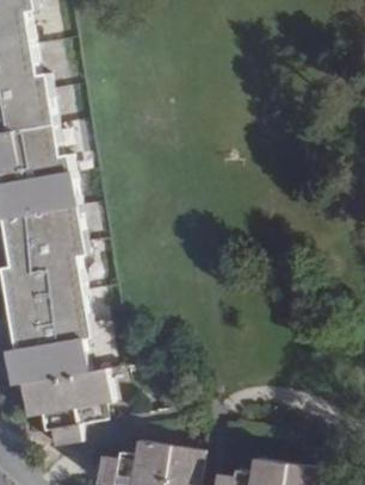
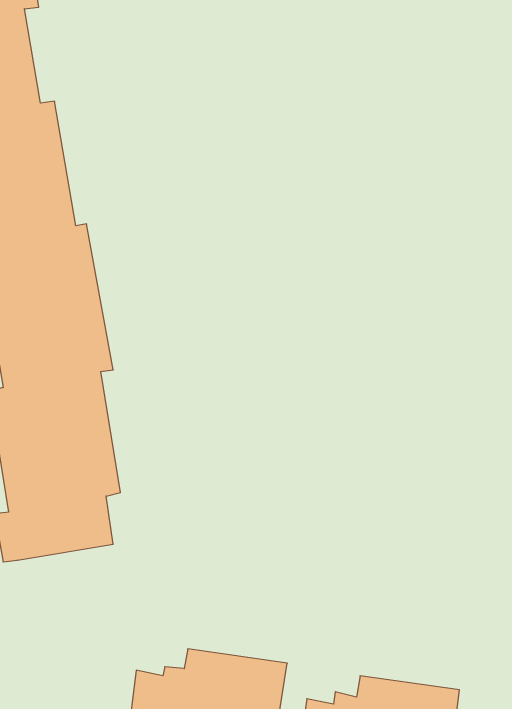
building: [19,367,107,444] -> none

